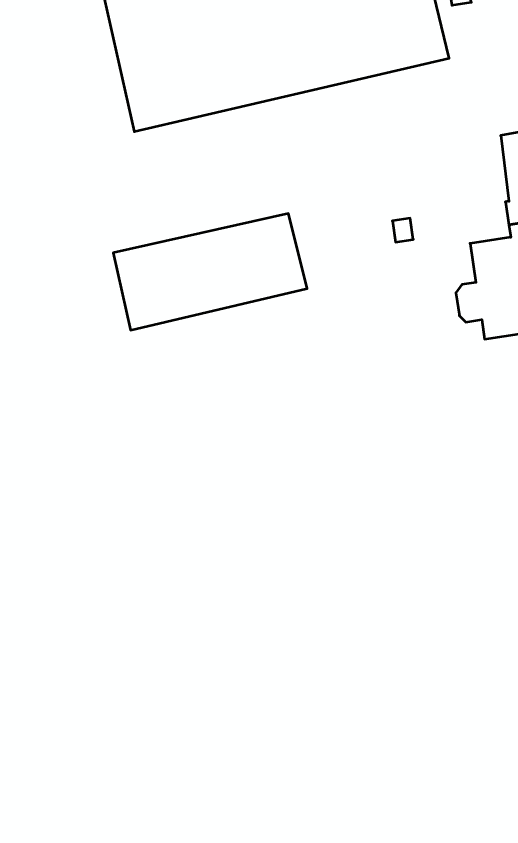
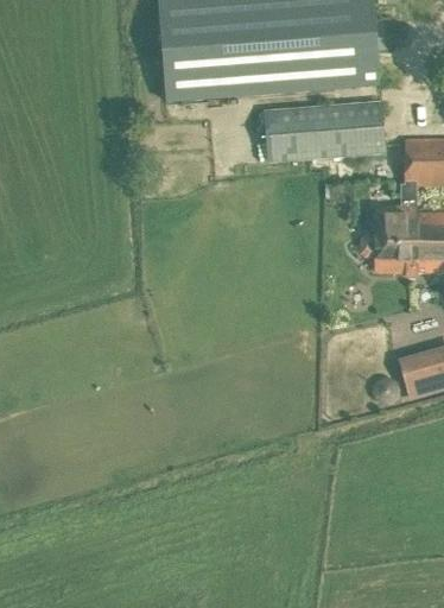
building: [113,214,307,330] -> [262,101,386,162]

